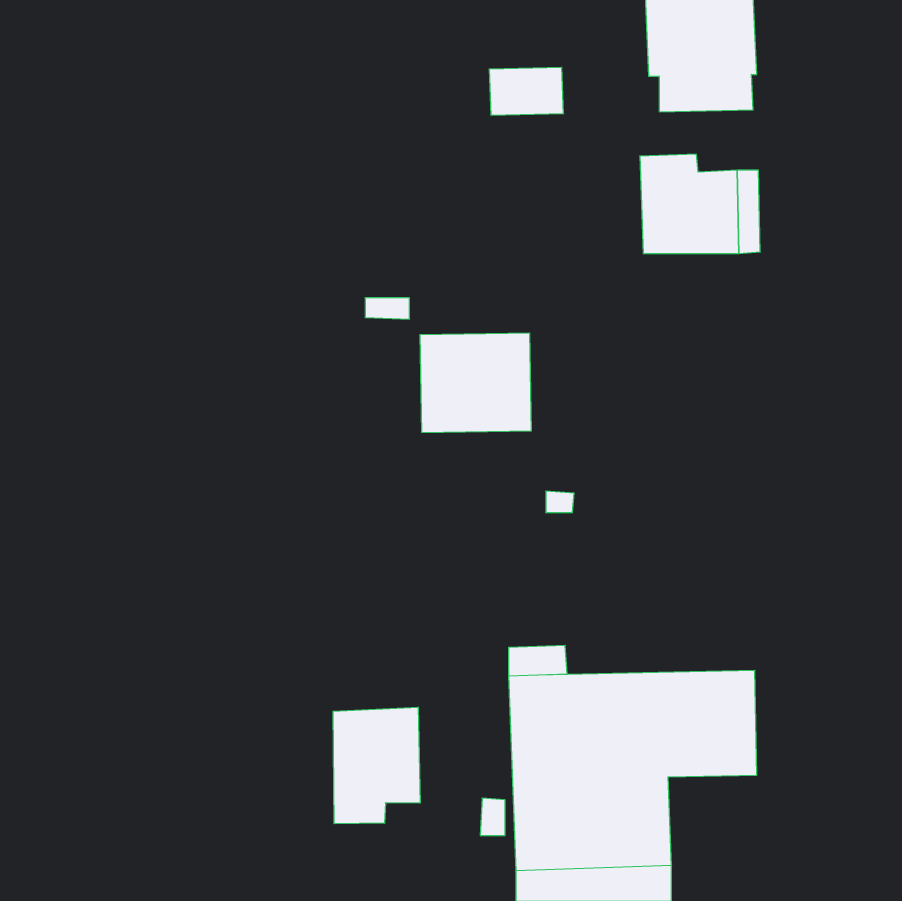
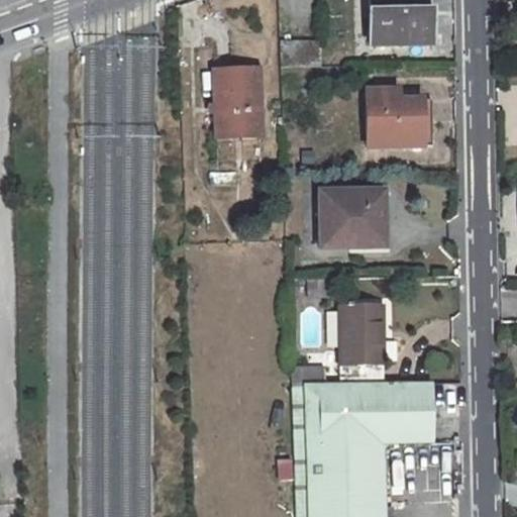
building: none -> [215,66,263,131]
building: [420,333,531,432] -> [321,190,385,246]
building: none -> [340,304,386,384]
building: [333,707,420,824] -> none

